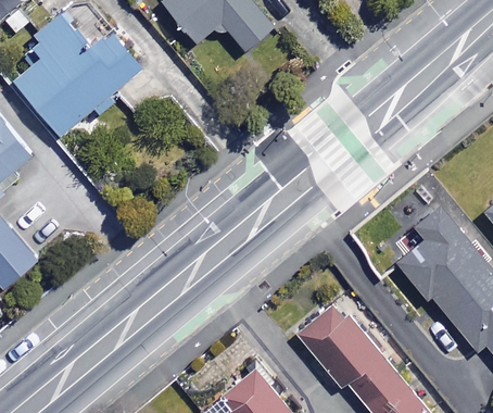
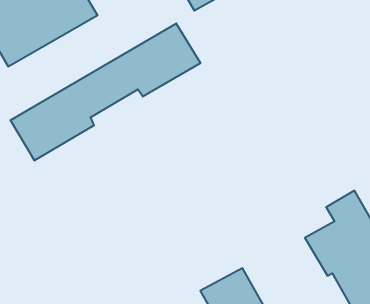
building: none -> [11,23,200,161]

